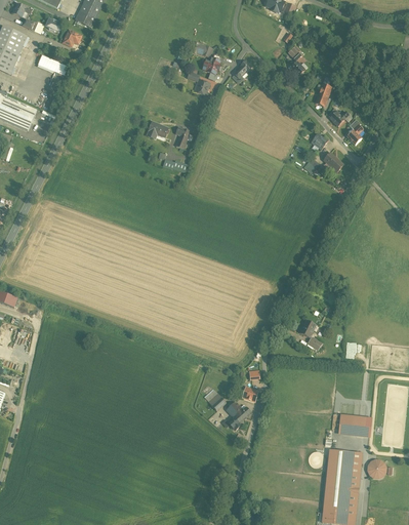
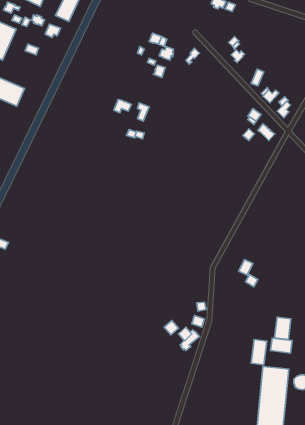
building: none -> [275,317,291,340]
building: none -> [251,340,267,365]

